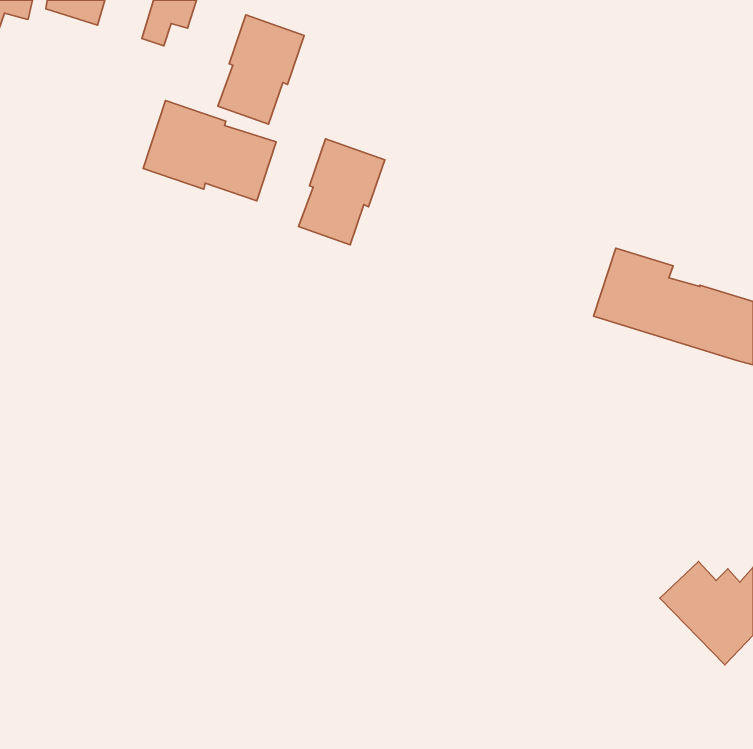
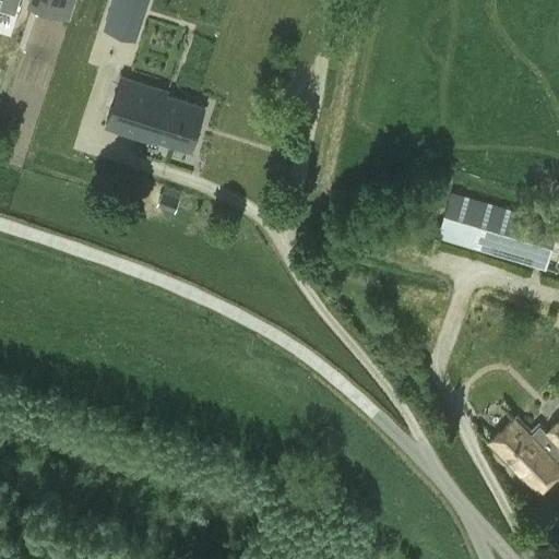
building: [218,15,304,124] -> none
building: [299,139,385,245] -> none

